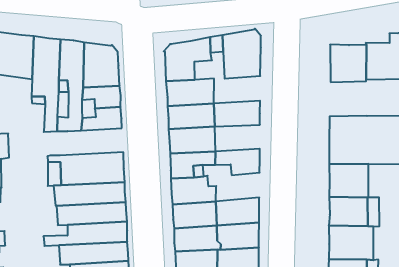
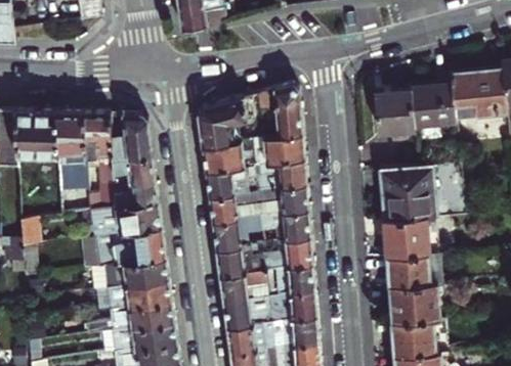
building: none -> [252,132,303,166]
building: none -> [257,184,307,217]
building: none -> [91,200,162,235]
building: none -> [264,235,311,270]

